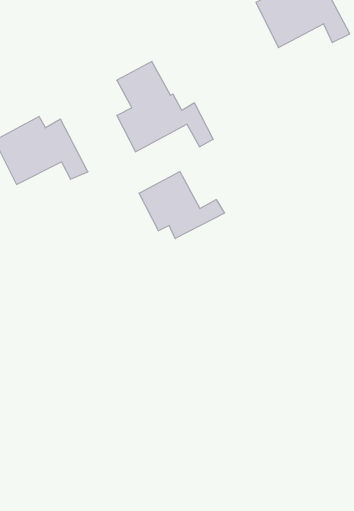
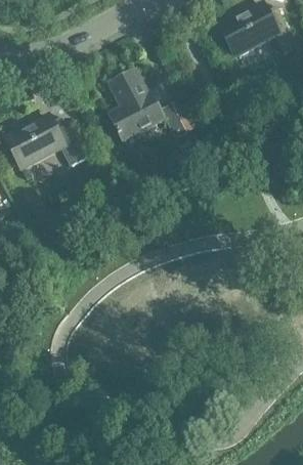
building: [139,172,225,239] -> none

